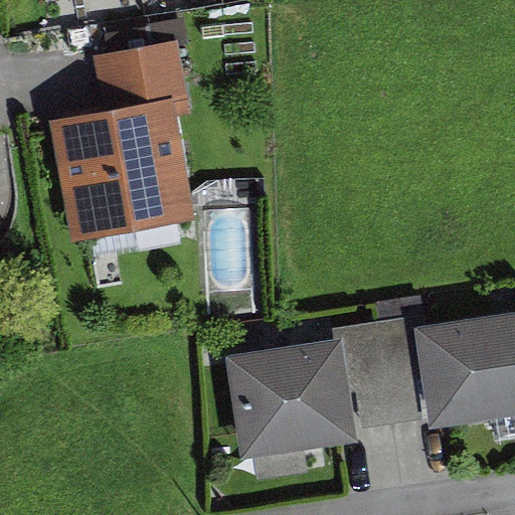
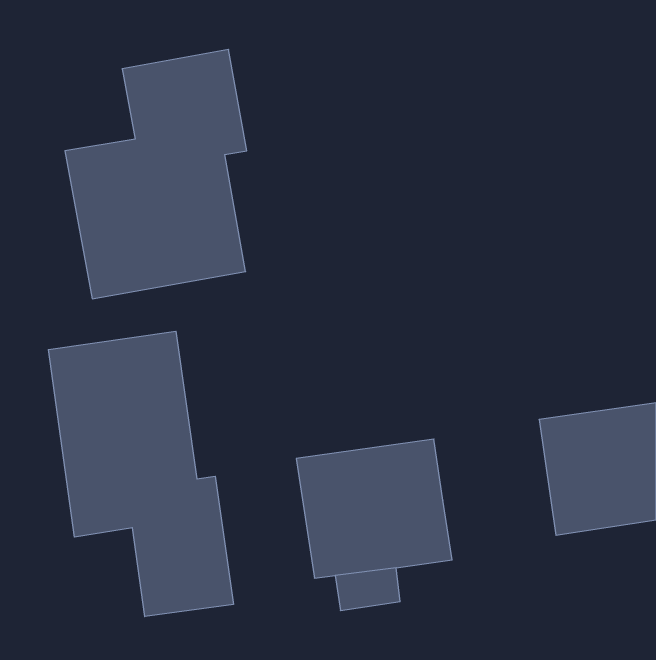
building: none -> [48,331,233,617]
building: [335,320,431,426] -> none

